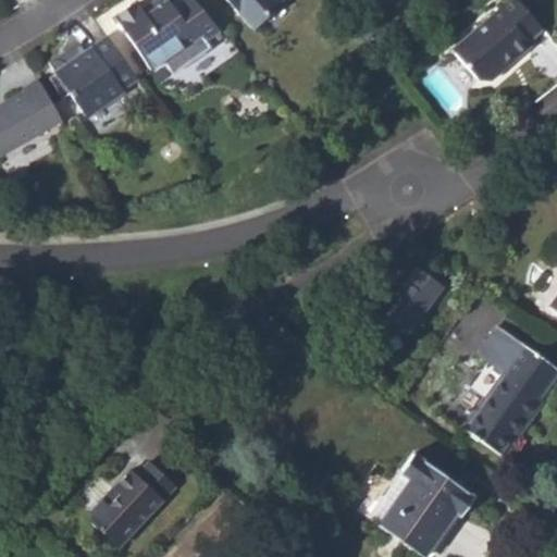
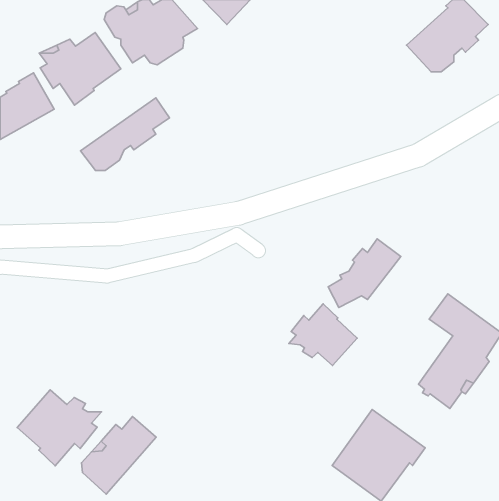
building: none -> [81,98,170,170]
building: none -> [289,304,357,366]
building: none -> [17,390,101,466]

